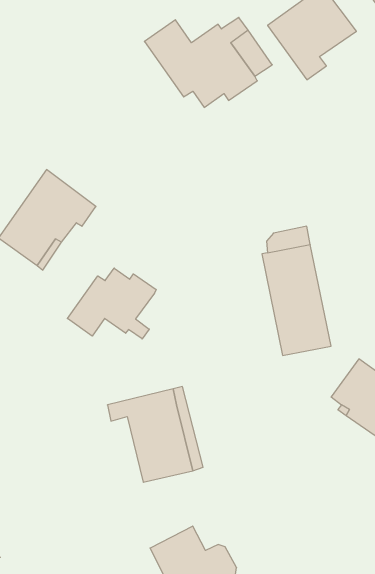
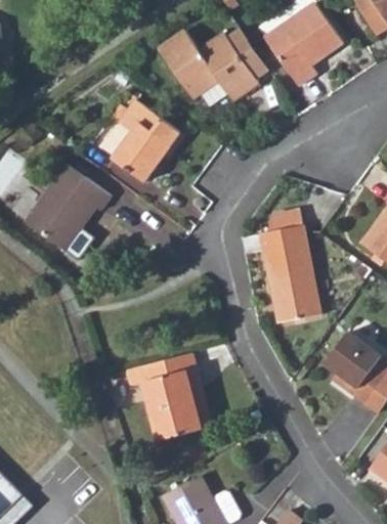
building: none -> [115,100,186,182]
building: [67,268,156,339] -> none

